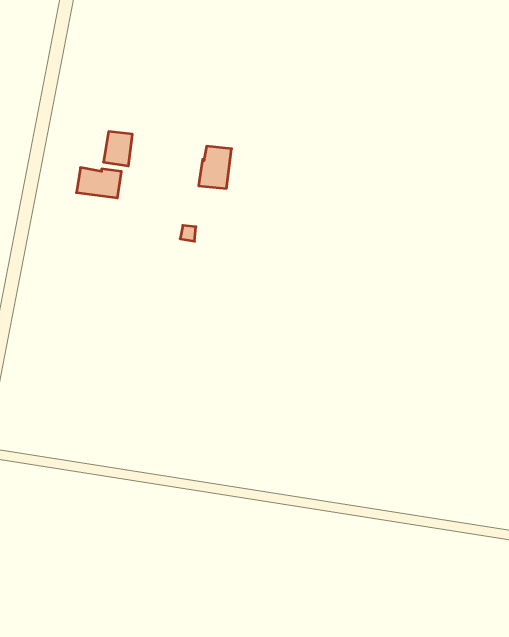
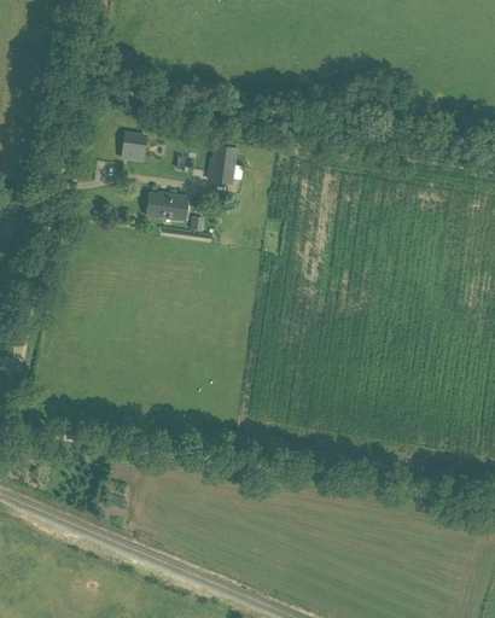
building: [76,168,121,198] -> [146,193,187,221]

